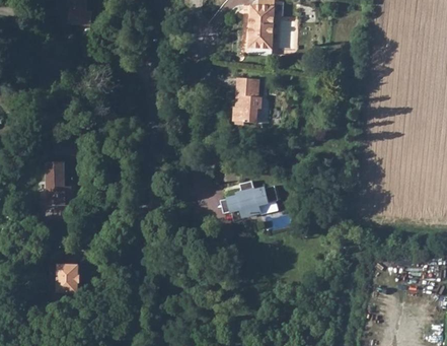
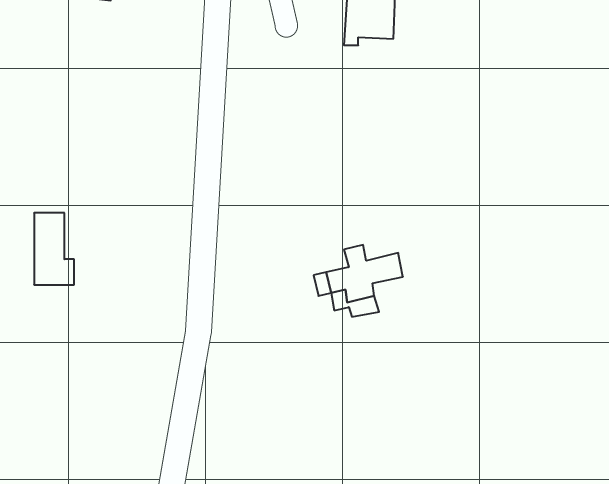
building: [232,76,262,123] -> none
building: [57,266,79,294] -> none

